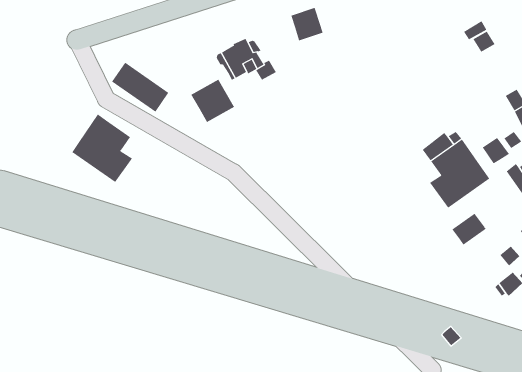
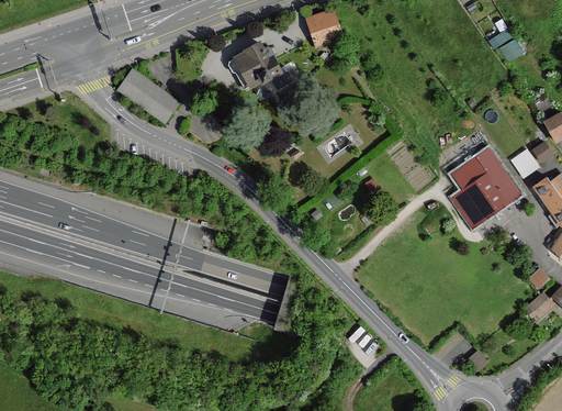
building: [190,79,235,123] -> none
building: [71,114,133,183] -> none
building: [451,213,487,245] -> none

